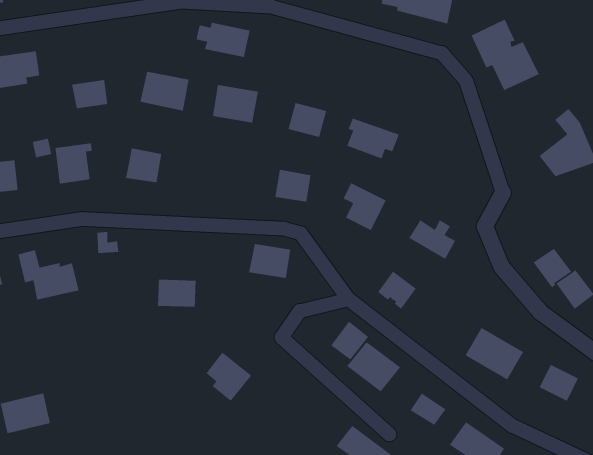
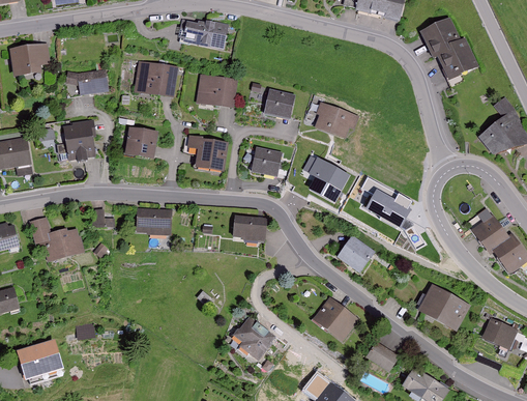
building: none -> [185,136,225,171]
building: [157,279,197,308] -> [135,207,169,232]
building: [330,321,369,360] -> none
building: [206,352,252,402] -> [235,315,275,359]

